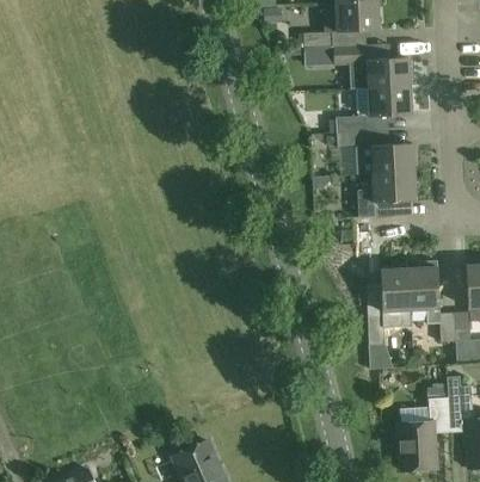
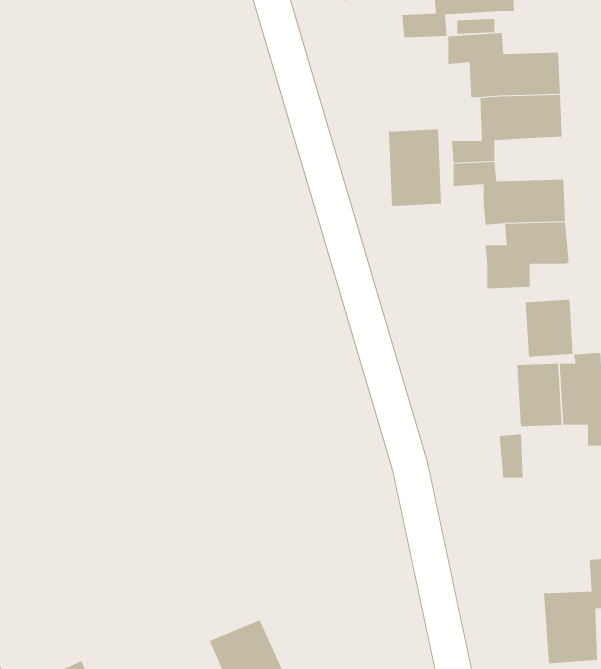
building: none -> [388,128,441,207]
building: none -> [525,299,573,358]

